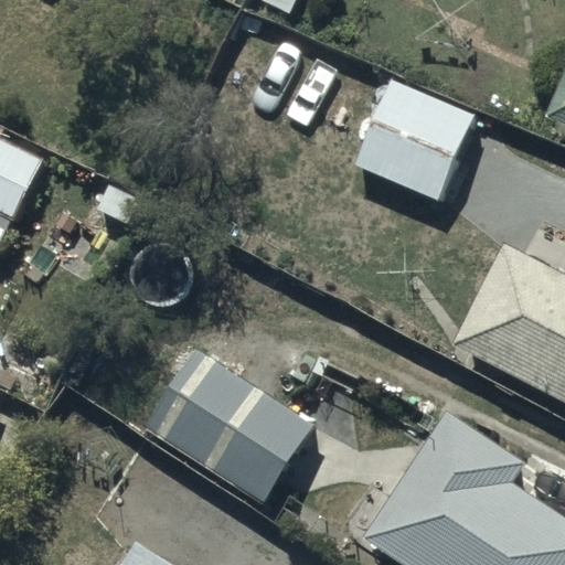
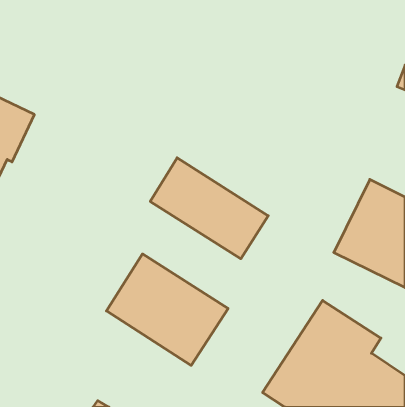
building: [353,79,475,201] -> none
building: none -> [150,158,268,259]

